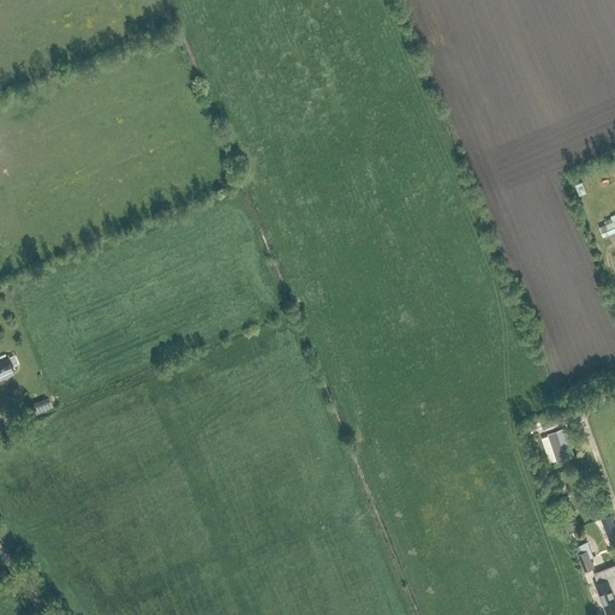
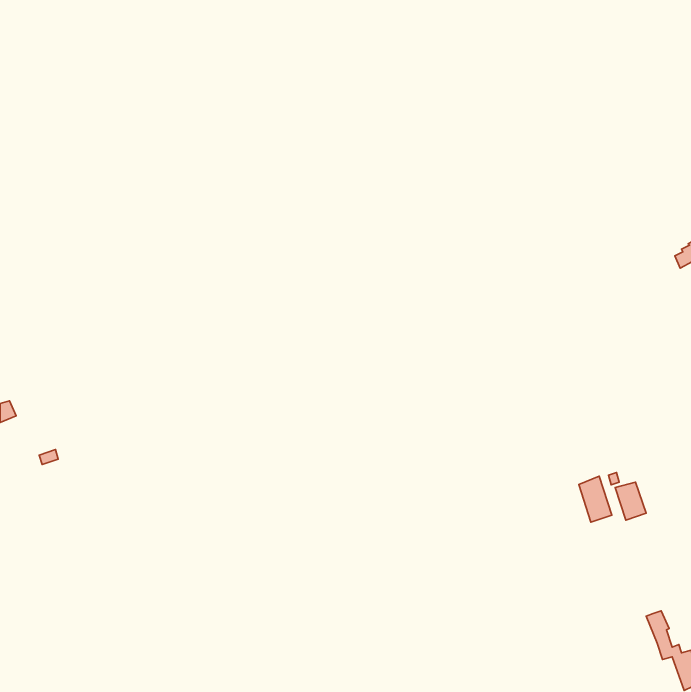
building: none -> [579,476,612,522]

